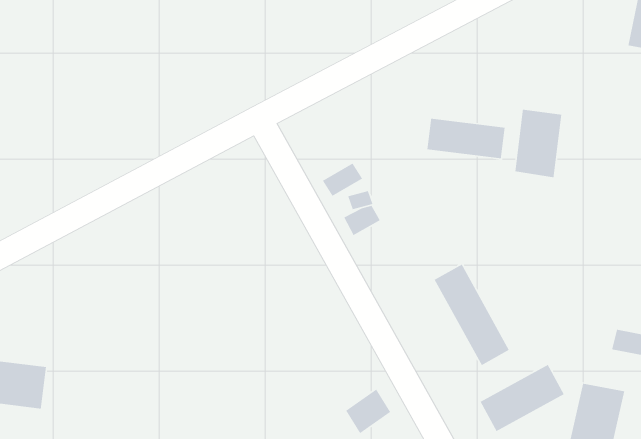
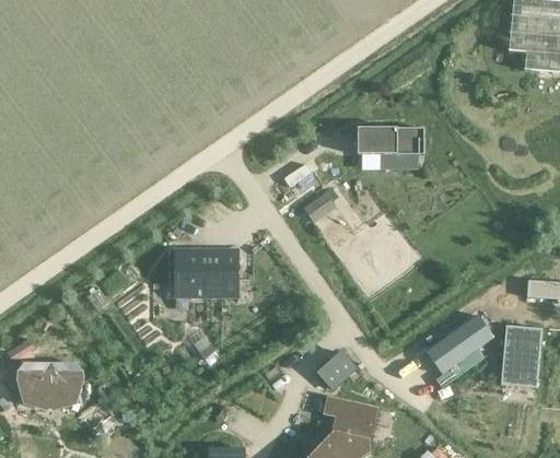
building: [514,109,562,178] -> none
building: none -> [176,248,237,297]
building: [434,263,510,366] -> none

